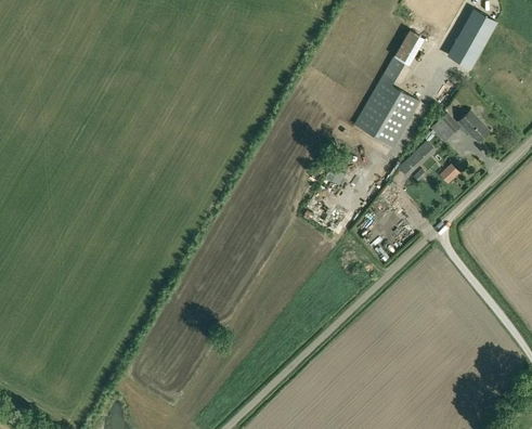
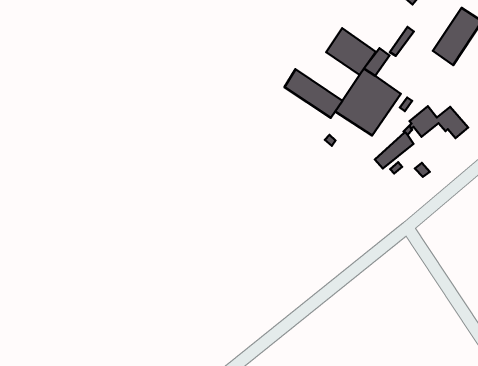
building: none -> [326,28,376,75]
building: none -> [284,69,343,118]

